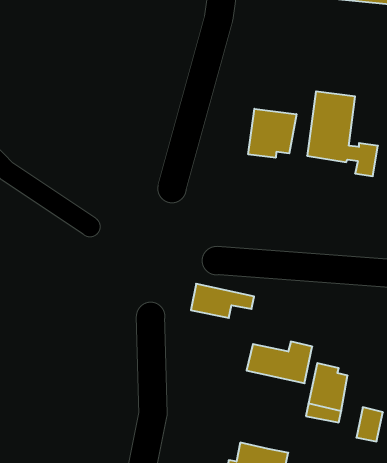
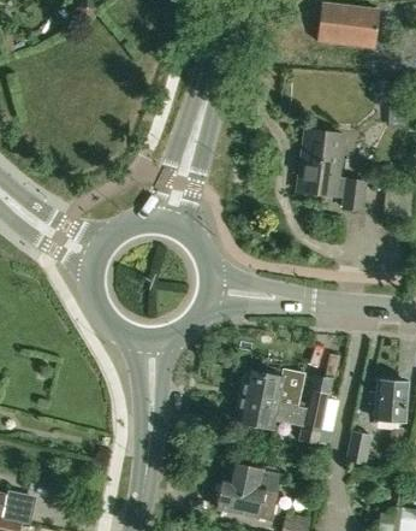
building: [248,109,296,158] -> none
building: [191,284,254,318] -> [236,396,296,429]

